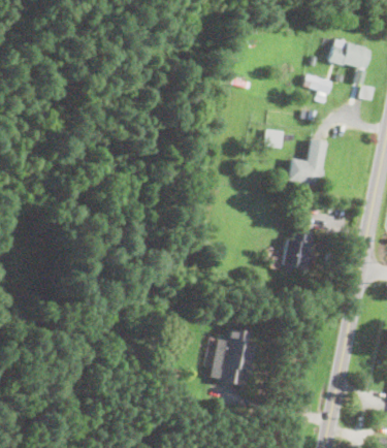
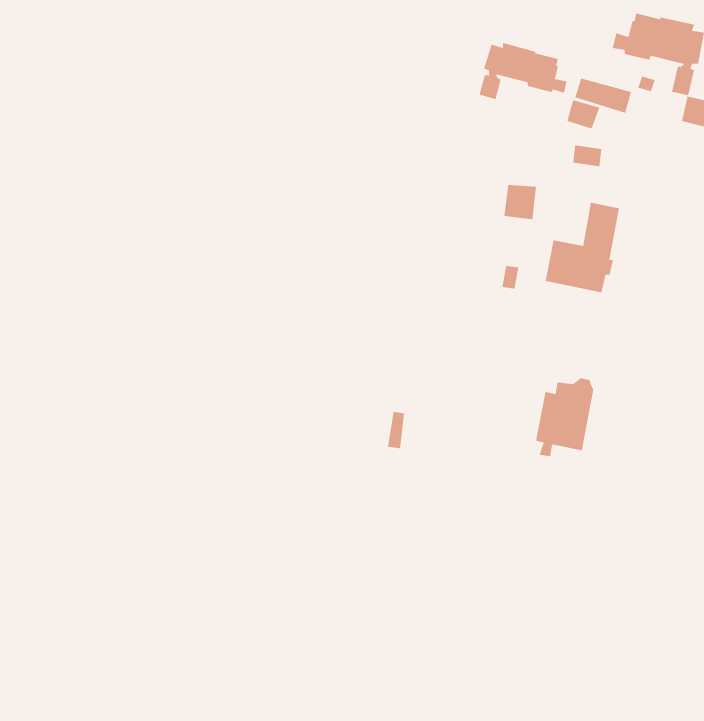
building: none -> [479,42,567,100]
building: [209,325,256,382] -> none

